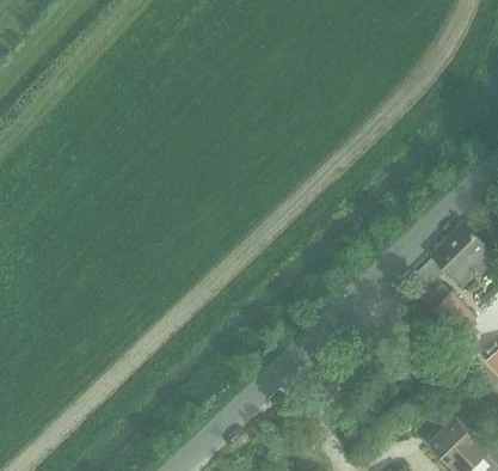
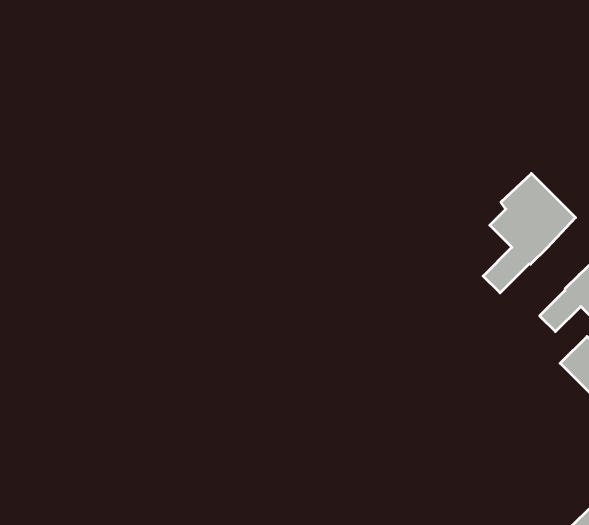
building: none -> [483,173,576,293]

